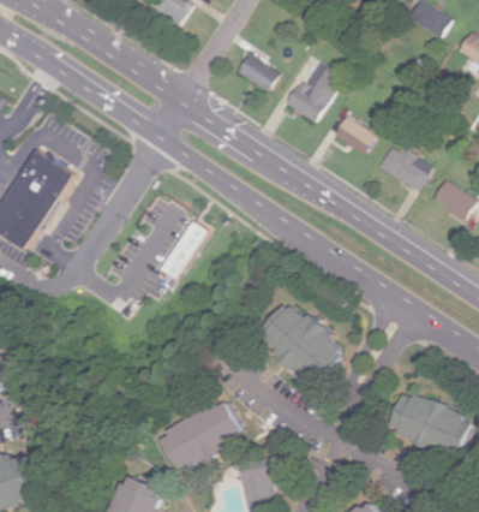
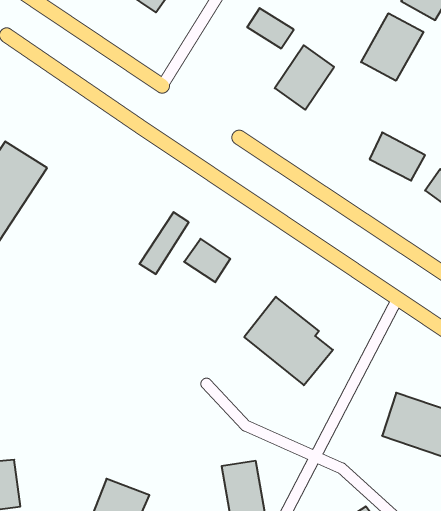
building: none -> [361,13,423,81]
building: [236,52,281,90] -> [247,8,294,48]
building: [333,115,376,154] -> none
building: none -> [184,239,230,282]
building: [158,398,244,470] -> none

